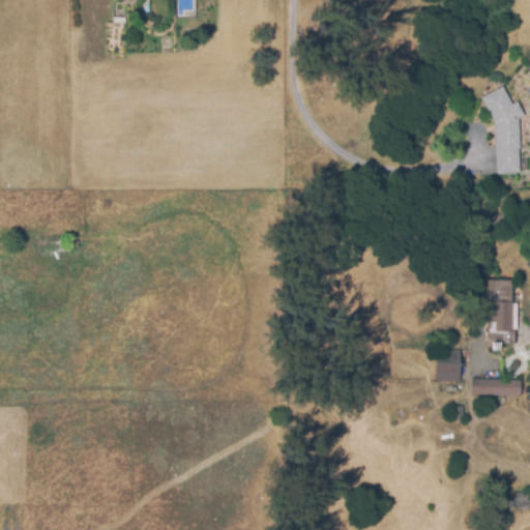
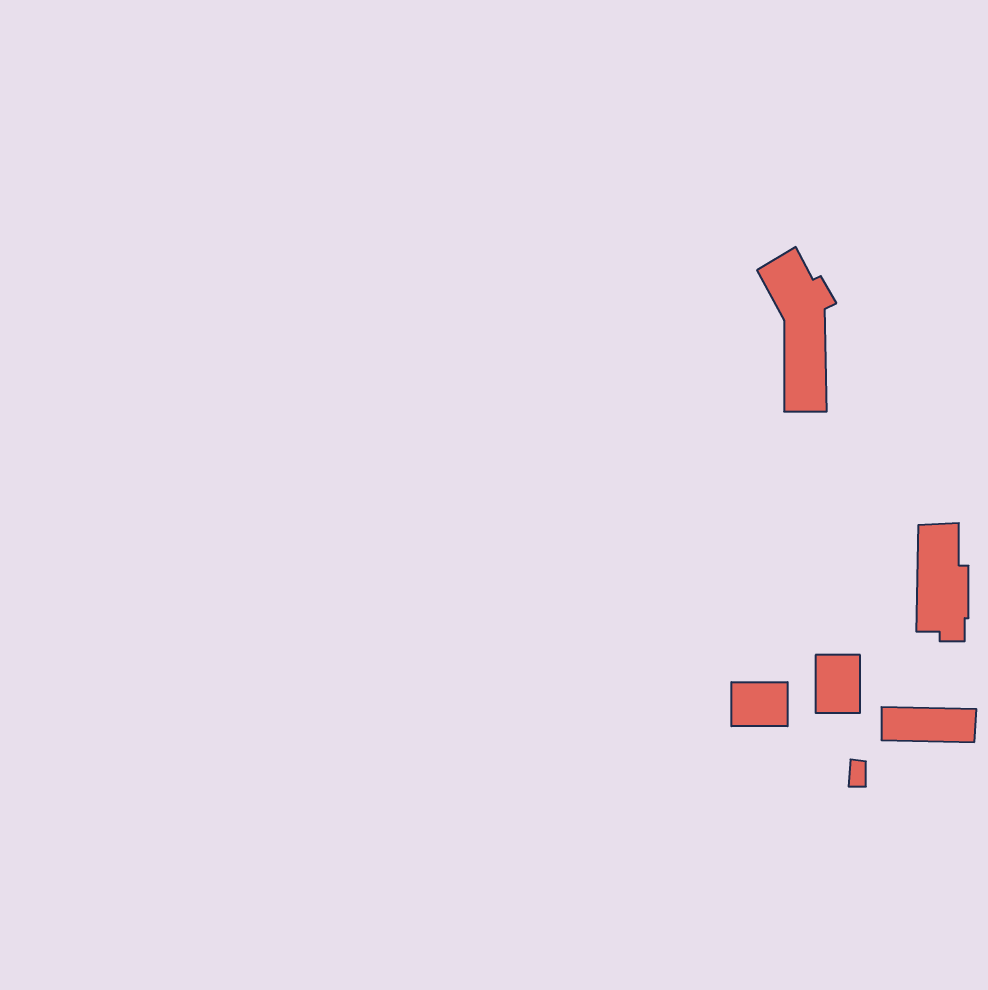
building: [481,86,524,174] -> [757,247,836,412]
building: none -> [731,682,788,726]

